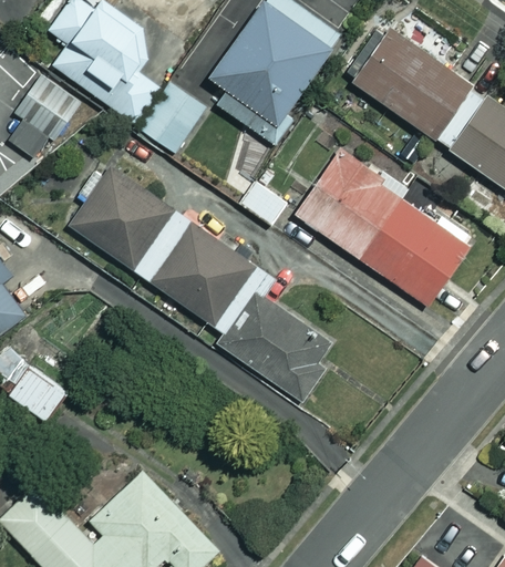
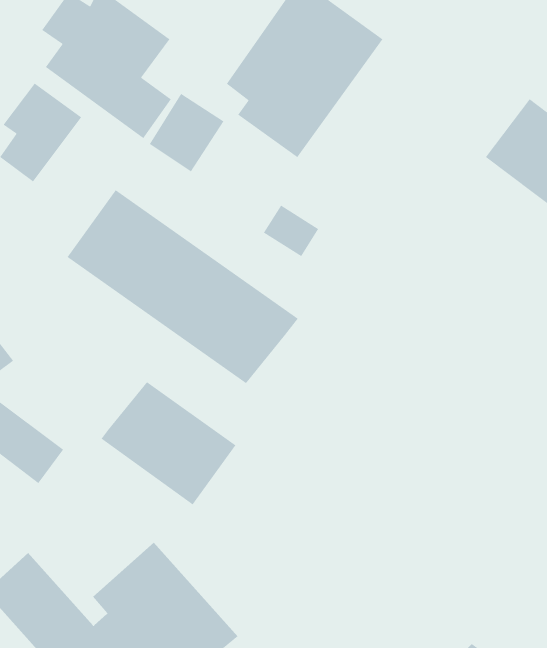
building: [349,27,468,138] -> none
building: [295,150,471,305] -> none
building: [218,292,336,400] -> [101,381,237,506]

